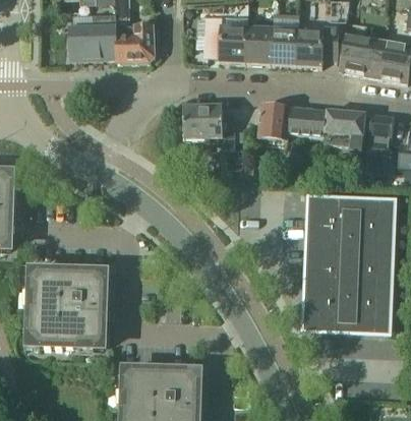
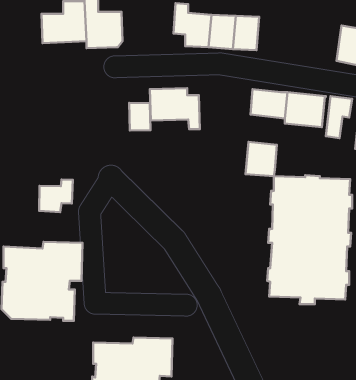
building: [294,27,336,66] -> none
building: [340,34,383,76] -> none
building: [257,103,290,138] -> [246,142,277,176]
building: none -> [129,103,150,131]
building: none -> [39,180,73,212]

